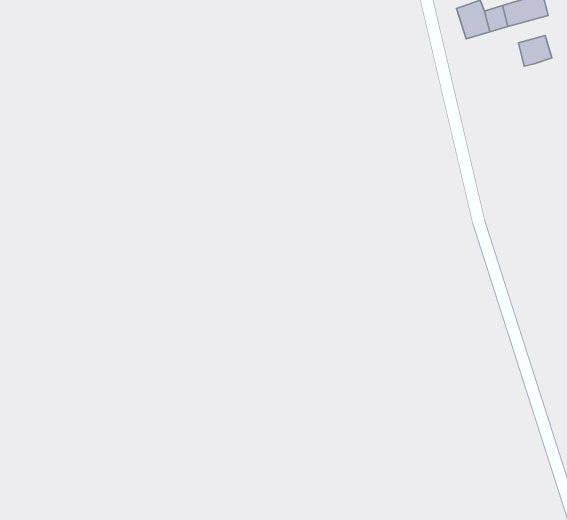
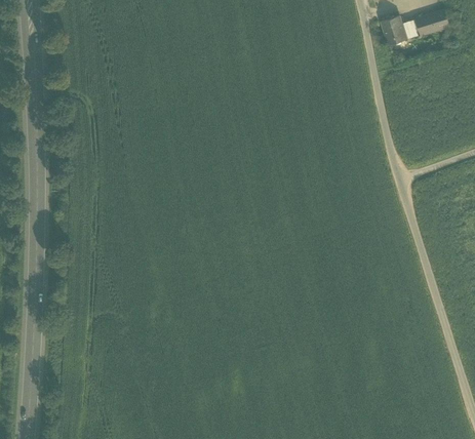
building: [518,36,552,66] -> none

